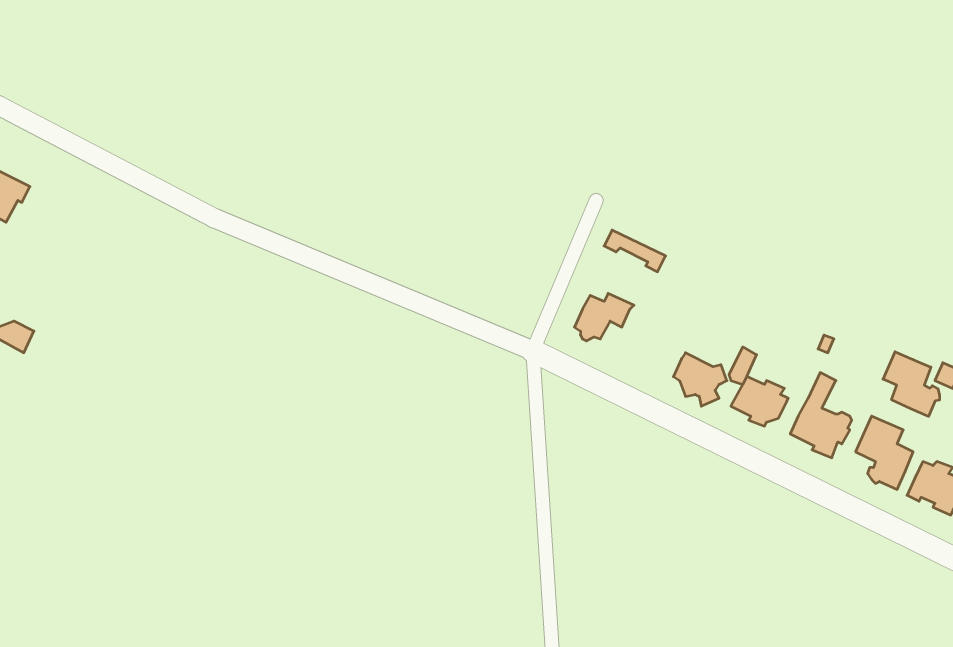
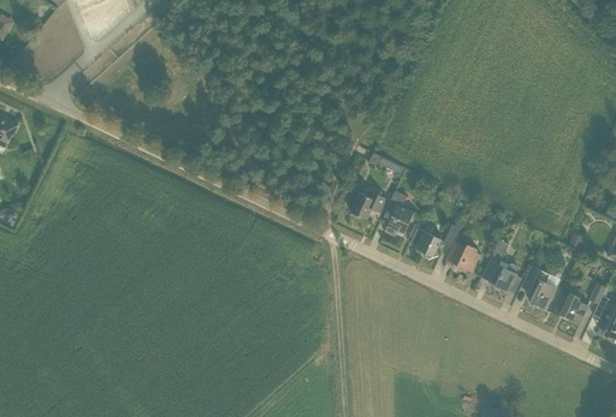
building: none -> [385,191,417,238]
building: [883,352,939,416] -> none

